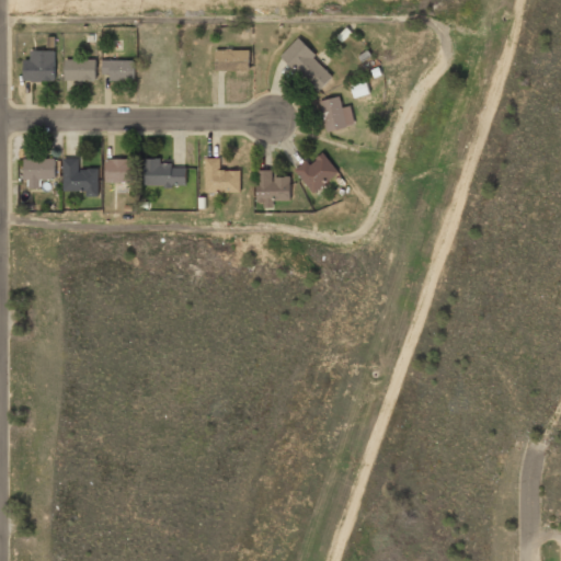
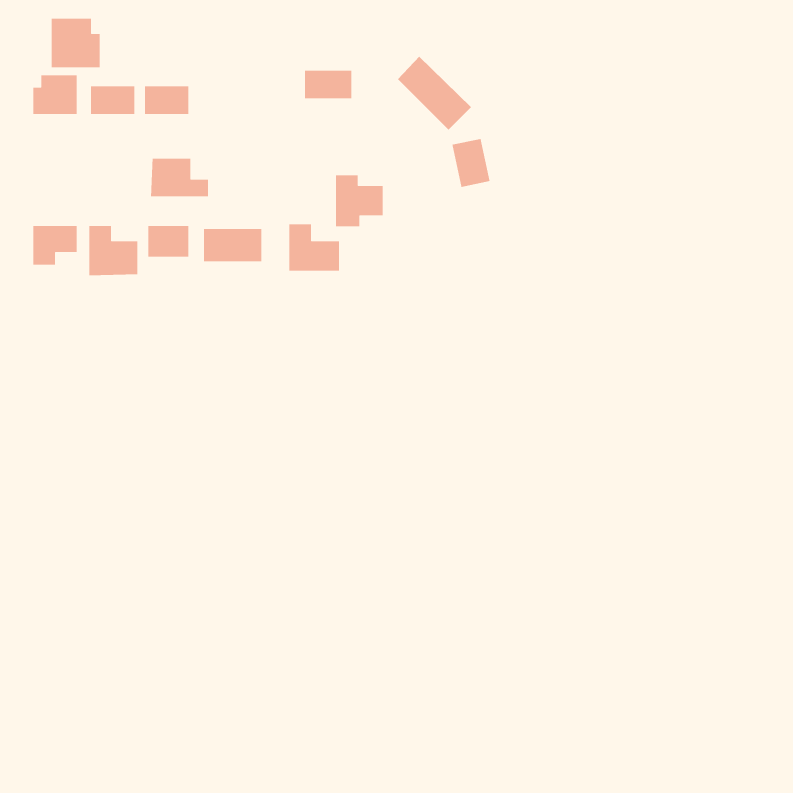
building: none -> [51,18,101,68]
building: none -> [150,158,209,197]
building: [295,149,339,193] -> none
building: [256,170,290,207] -> [335,174,383,227]

